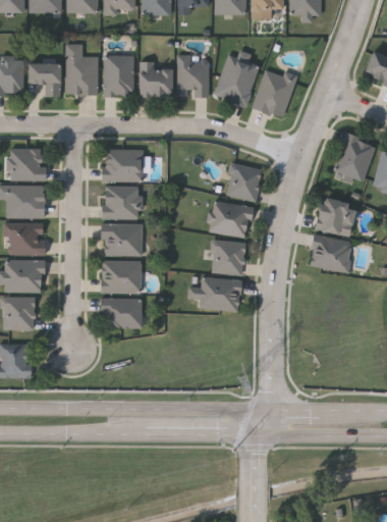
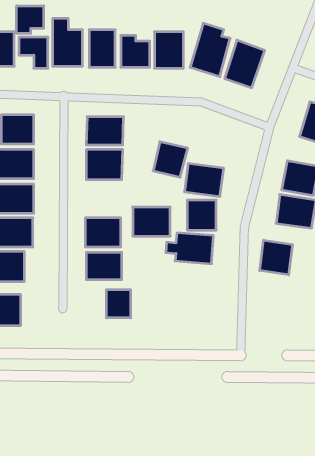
building: none -> [17,6,44,33]
building: [225,162,263,201] -> [153,142,188,177]
building: [101,223,142,255] -> [133,207,170,236]
building: none -> [260,240,292,275]
building: none -> [106,290,131,318]

